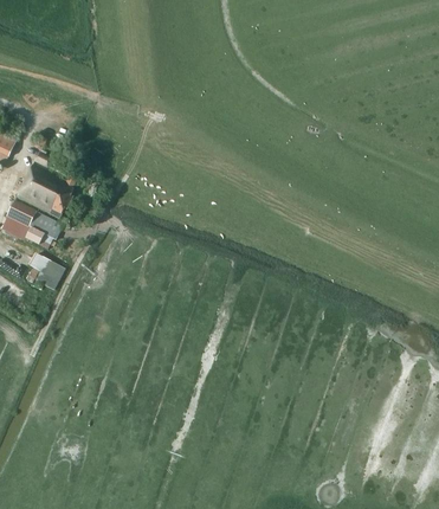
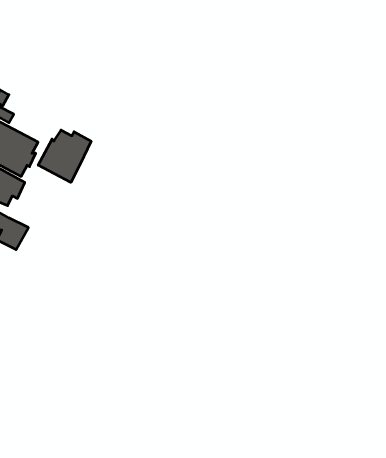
building: none -> [38,130,91,182]

